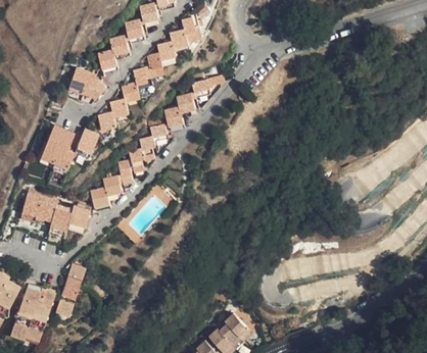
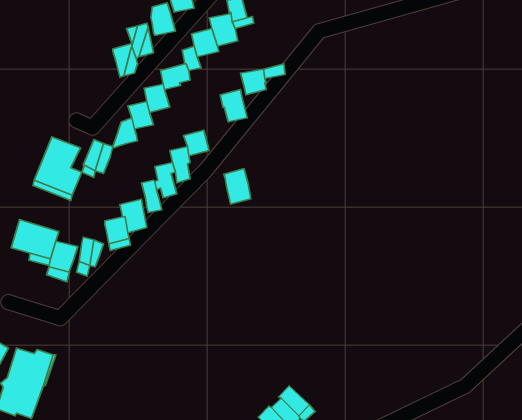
building: [65,69,103,107] -> none
building: [167,104,187,131] -> [224,169,251,204]
building: [54,263,85,313] -> none

